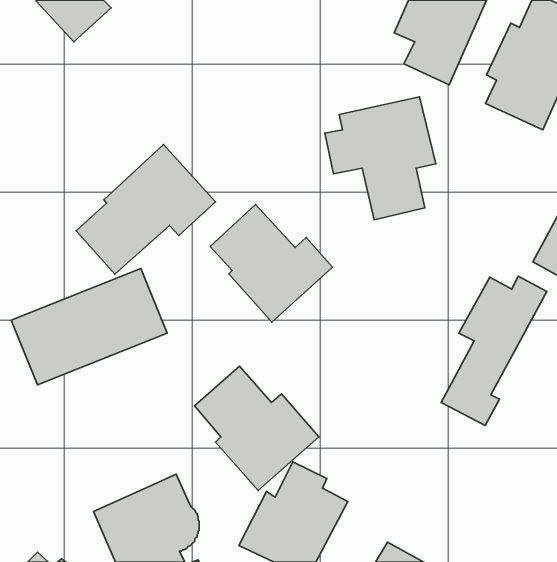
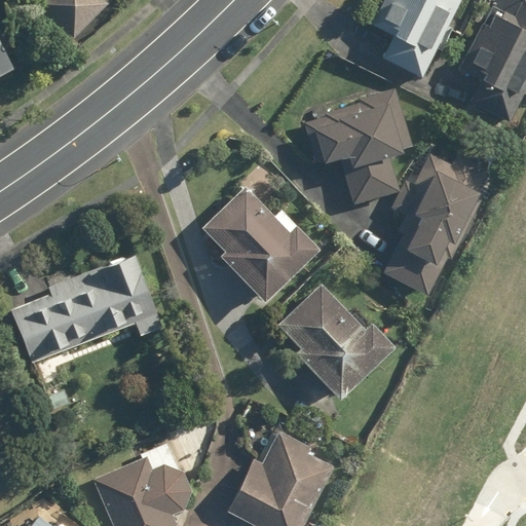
building: [76,145,216,274] -> none
building: [441,276,547,426] -> [385,154,484,294]
building: [194,366,319,491] -> [278,285,394,401]

